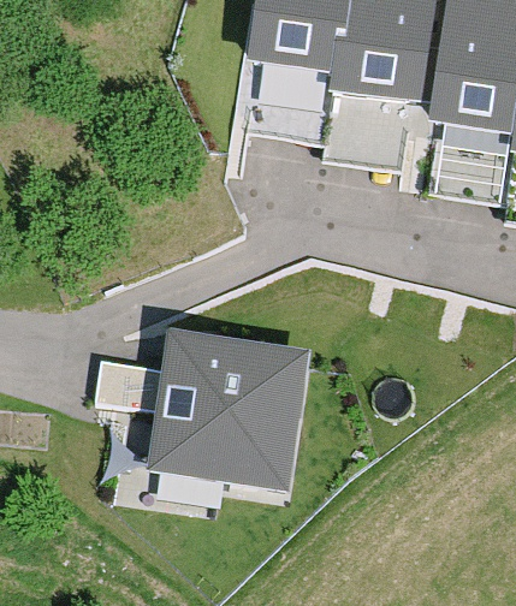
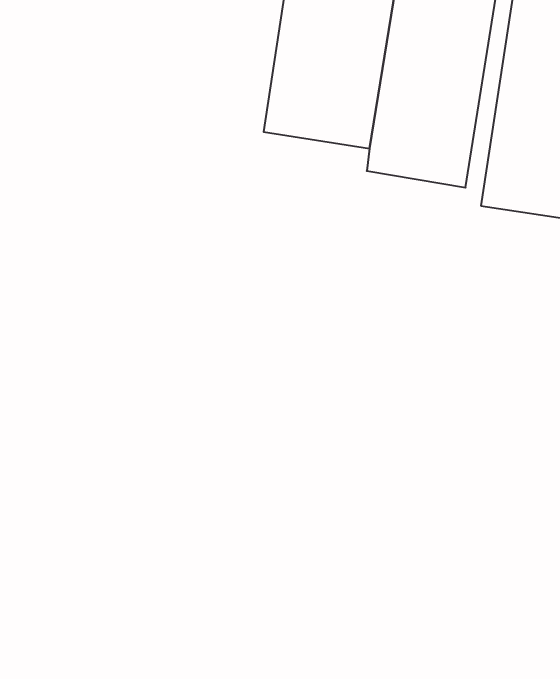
building: [149,327,310,488] -> none

